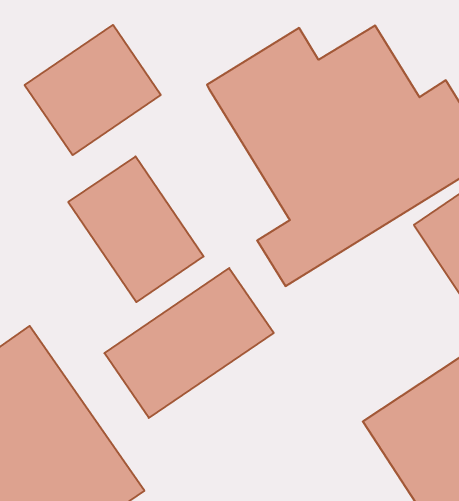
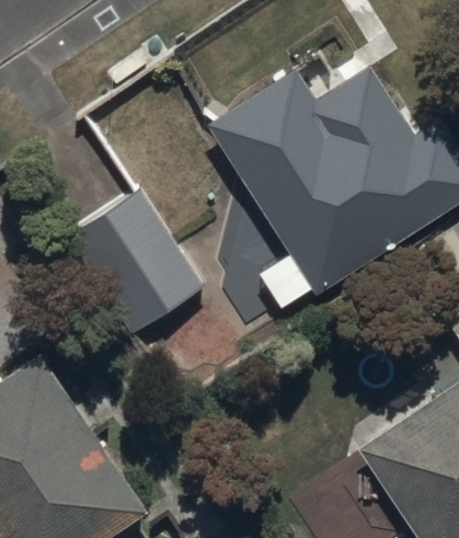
building: [25,25,161,155] -> none
building: [104,268,274,418] -> none

